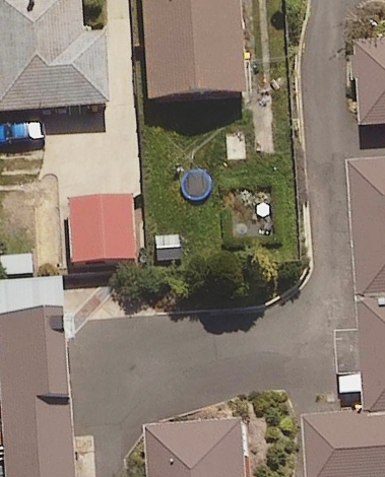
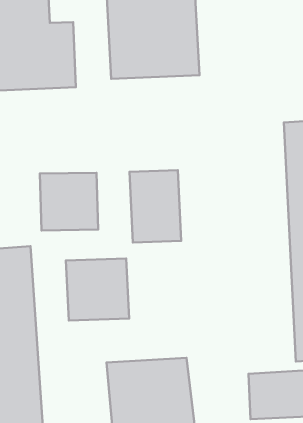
building: none -> [130,170,181,242]
building: none -> [66,259,129,321]

